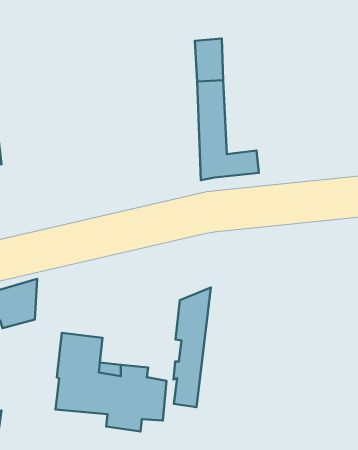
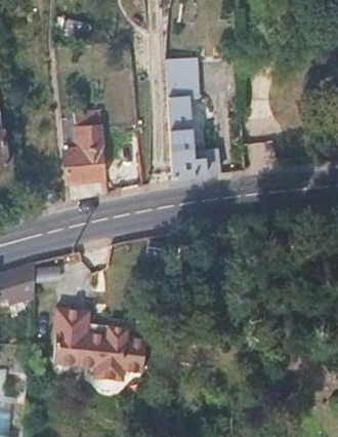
building: none -> [62,124,105,180]
building: [173,287,211,407] -> none

